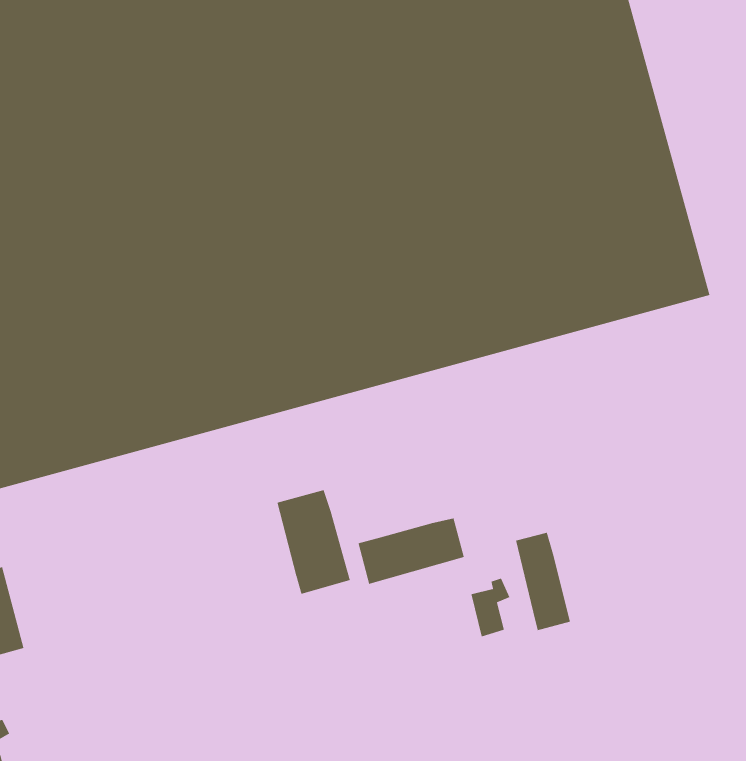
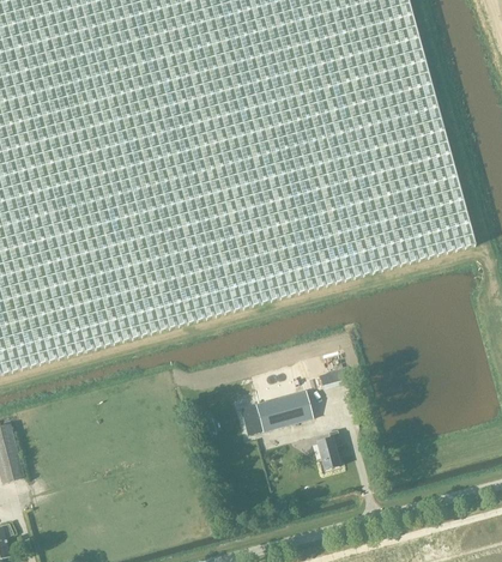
building: [276,489,351,595] -> none
building: [515,532,571,631] -> none

